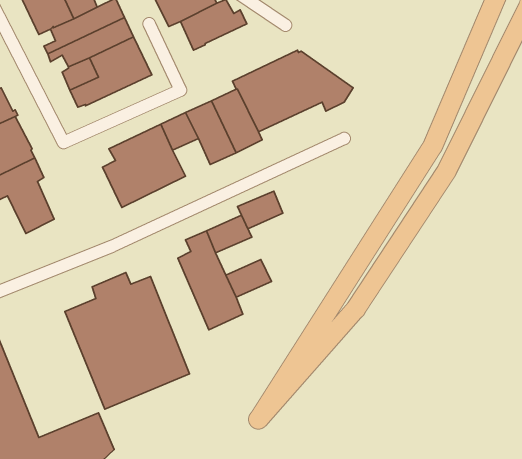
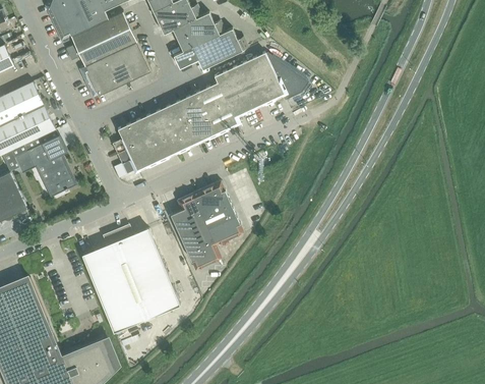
building: none -> [191,30,247,70]
building: none -> [166,122,195,152]
building: [237,191,283,229] -> [199,200,235,229]

